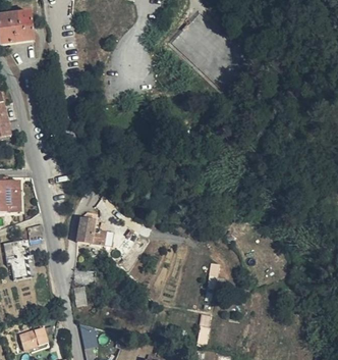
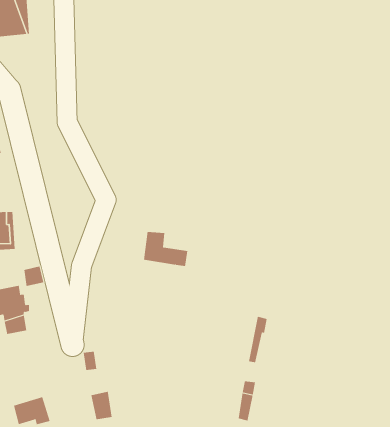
building: [77,218,113,246] -> [143,232,188,266]

